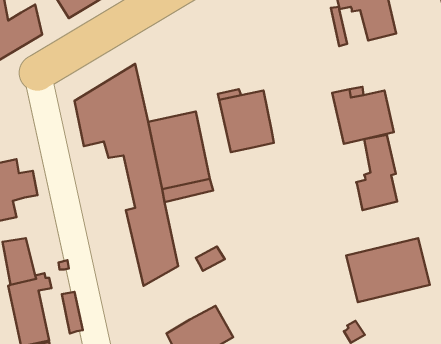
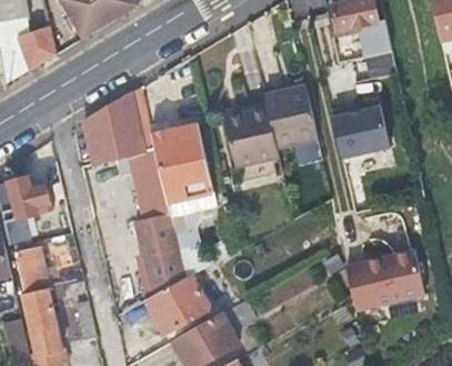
building: none -> [262,85,315,146]
building: [356,135,397,210] -> none
building: none -> [142,274,208,334]

